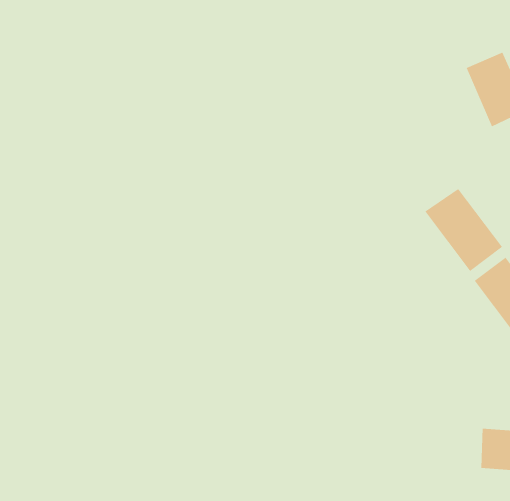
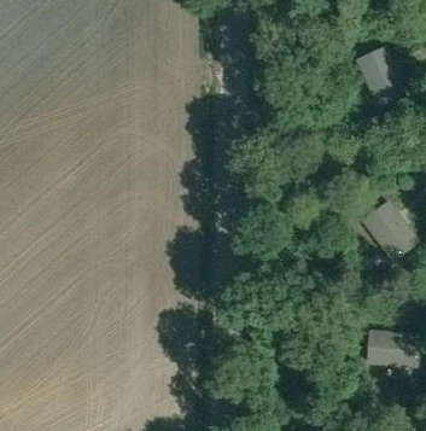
building: [425,188,503,272] -> none

